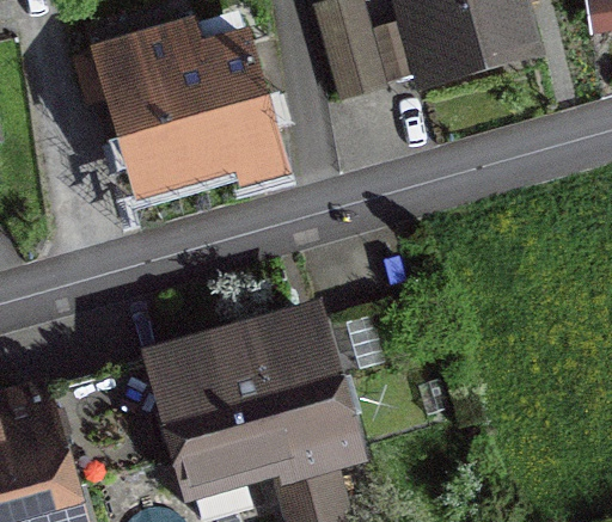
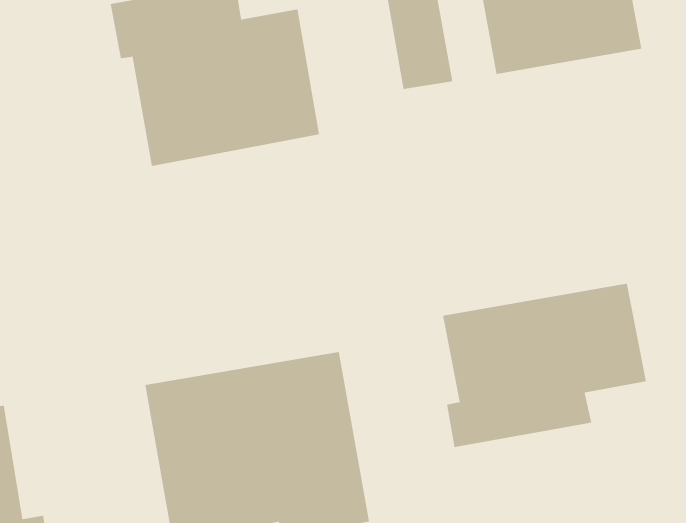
building: none -> [442,283,647,448]

